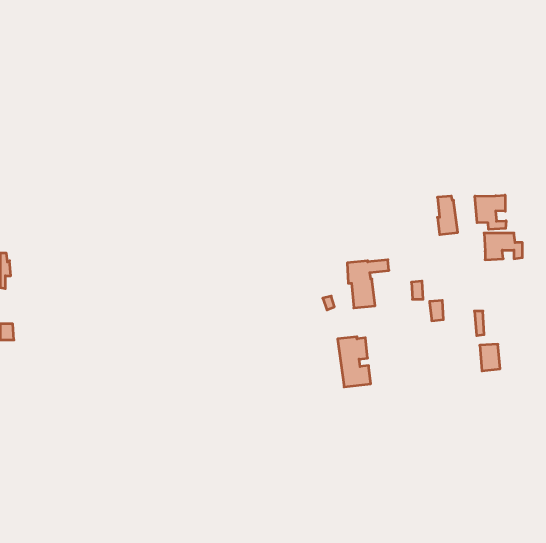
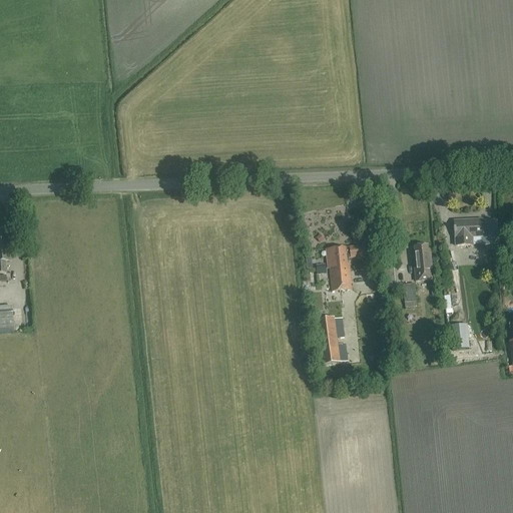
building: [475,195,506,229] -> none
building: [437,196,458,235] -> [414,243,433,280]

